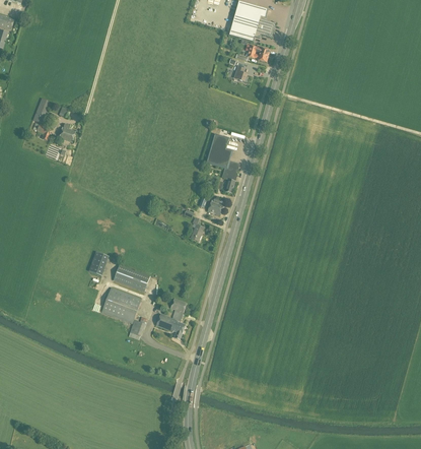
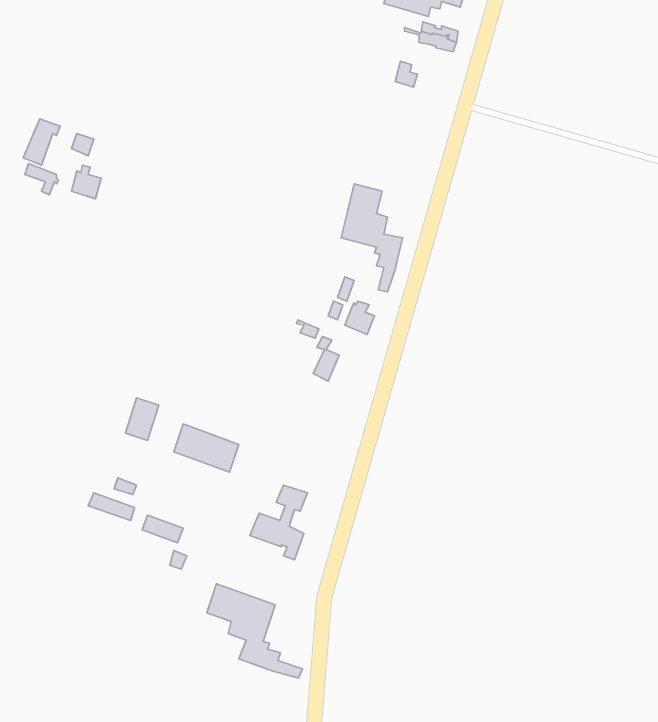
building: [101,286,141,322] -> none
building: none -> [207,584,302,678]

